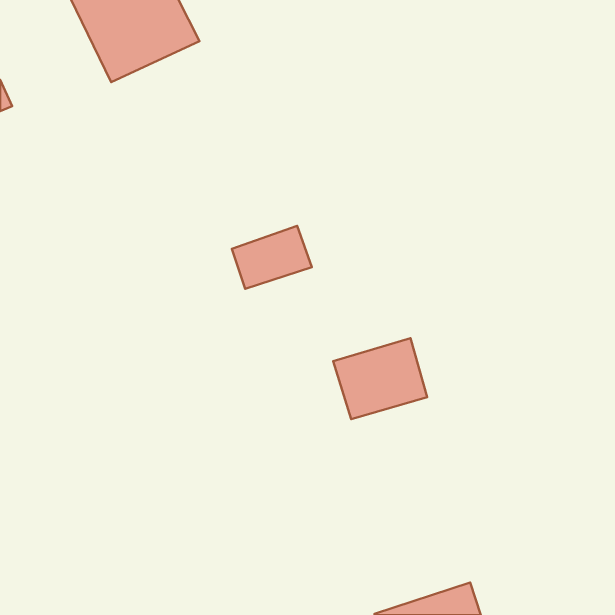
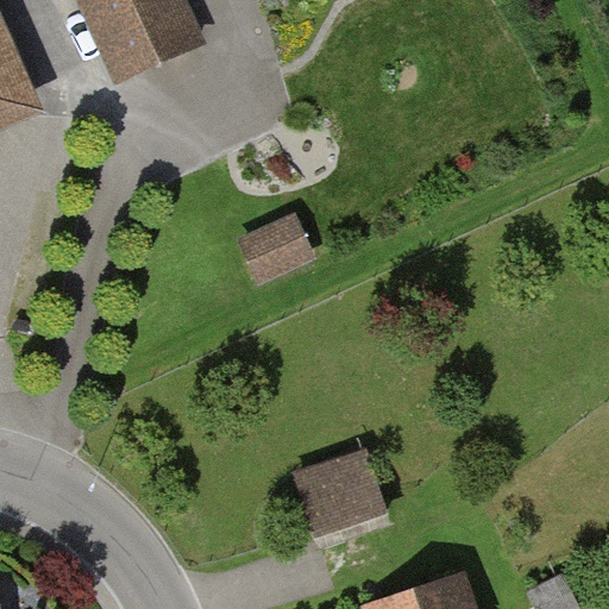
building: [333,338,427,419] -> [297,454,390,534]

